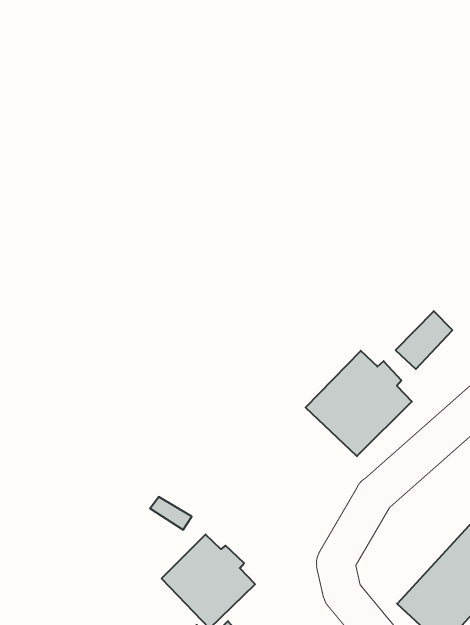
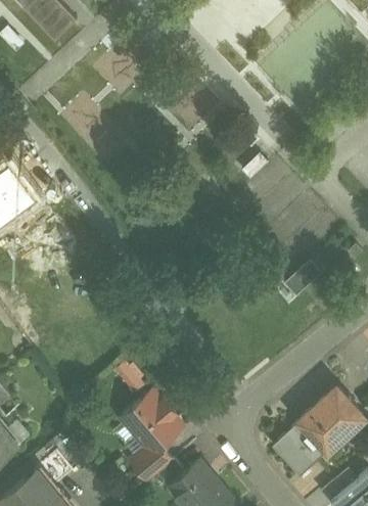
building: [306,351,412,456] -> none

